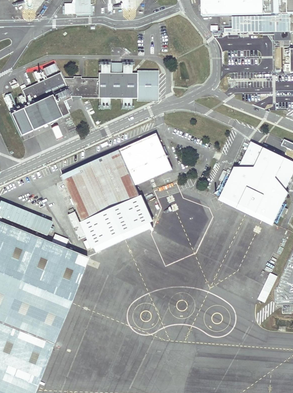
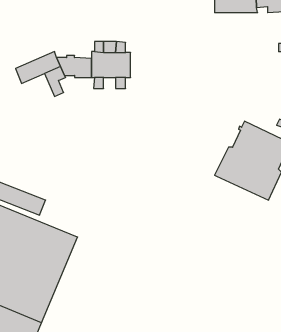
building: [138,70,159,101] -> none
building: [22,94,62,130] -> none
building: [63,133,173,247] -> none

